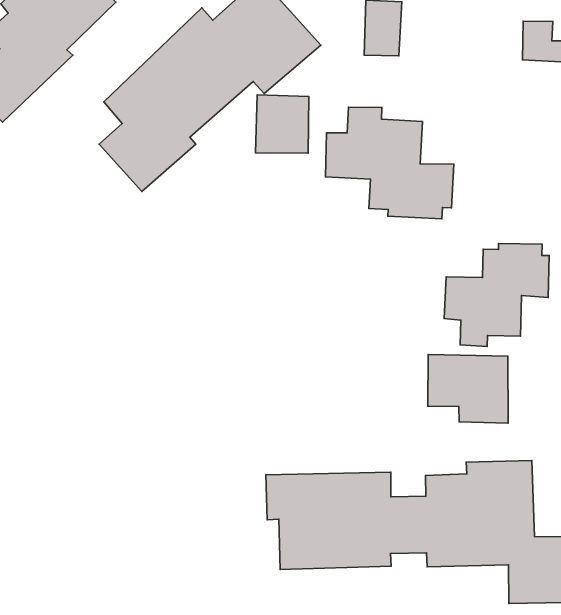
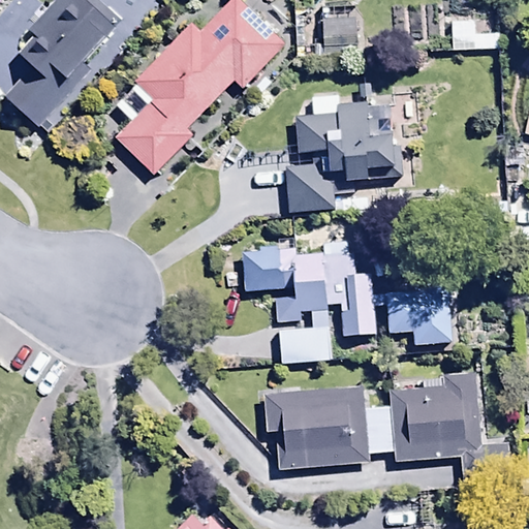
building: [255,95,309,153] -> [286,163,330,211]
building: [444,243,549,347] -> none
building: none -> [244,232,382,362]

